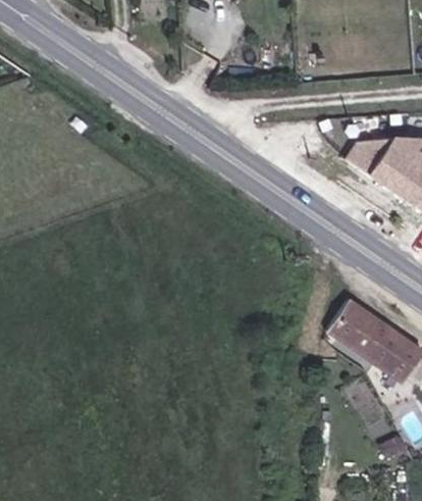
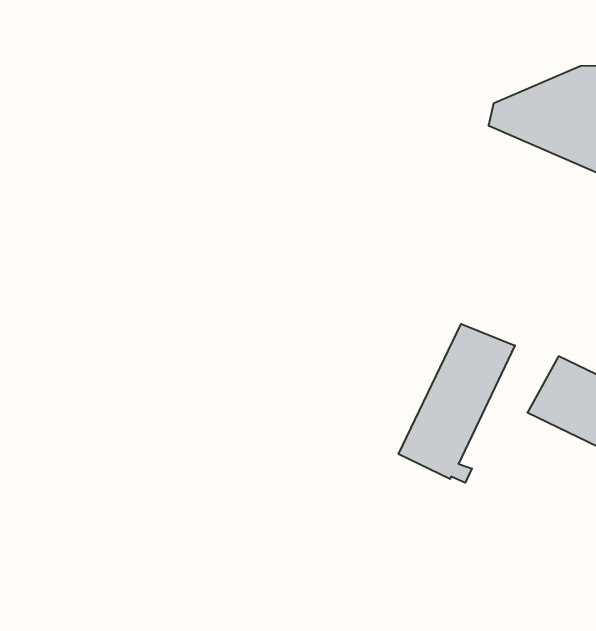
building: none -> [399,324,515,483]

